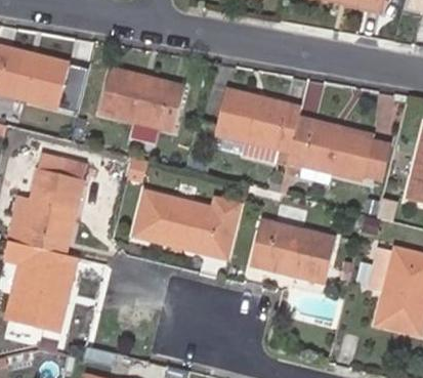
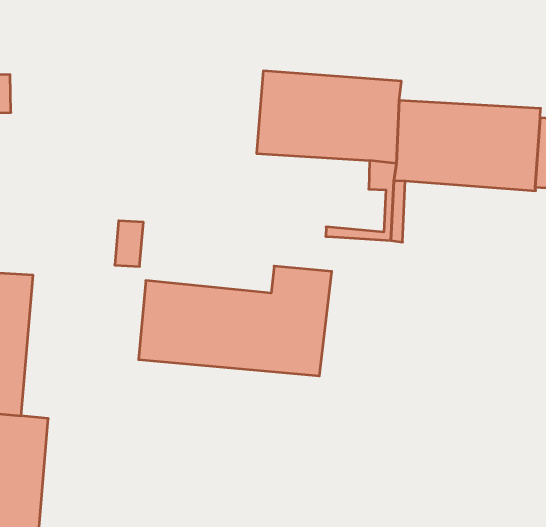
building: [99,68,184,130] -> none
building: [251,220,335,281] -> none

